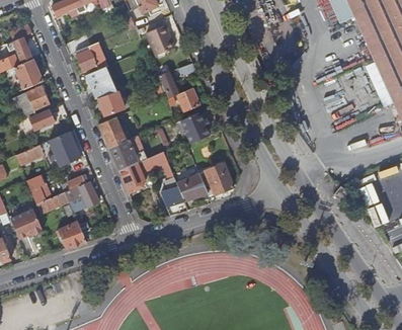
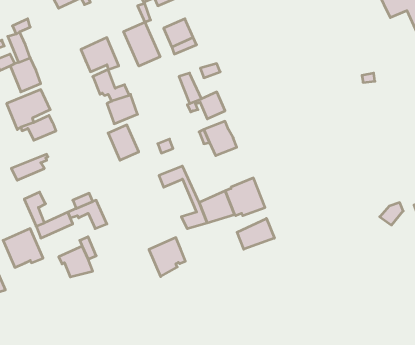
building: none -> [124,22,160,66]
building: [49,132,81,166] -> none
building: [109,135,144,163] -> none
building: [119,160,151,193] -> [149,238,185,277]
building: none -> [237,218,274,249]

